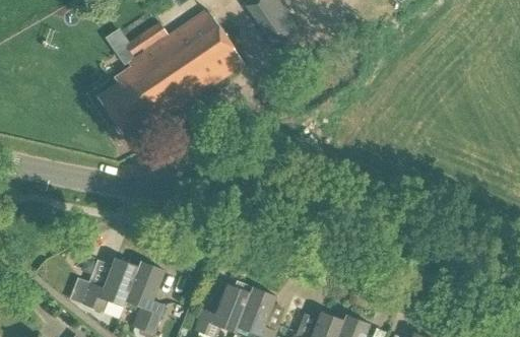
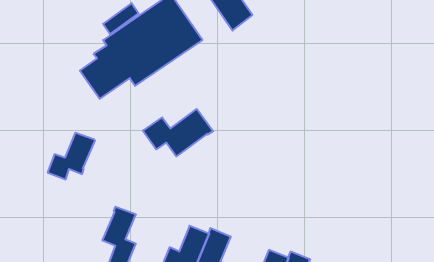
building: none -> [143,109,213,156]
building: [82,258,138,313] -> [48,133,95,179]

